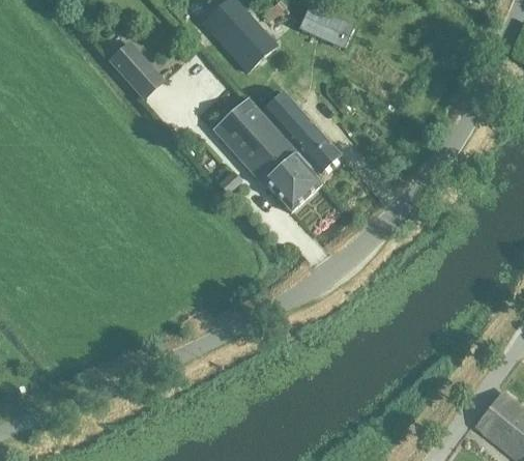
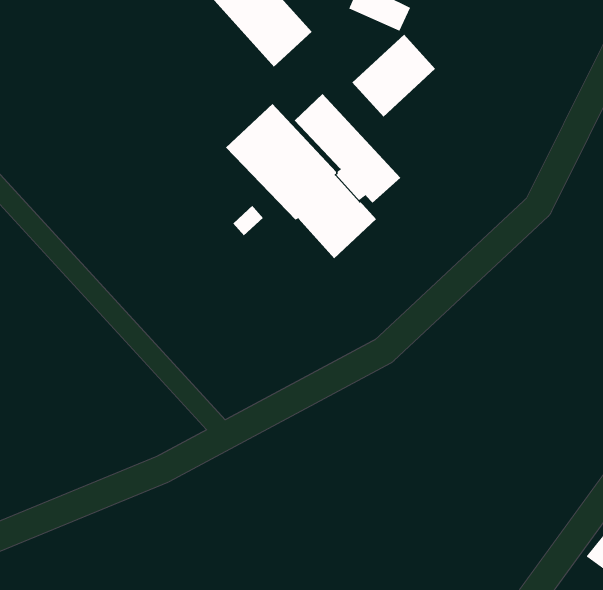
building: [108,42,165,100] -> none
building: none -> [352,34,436,118]

